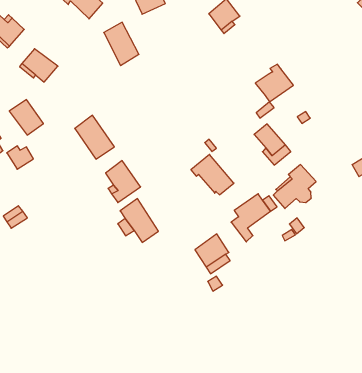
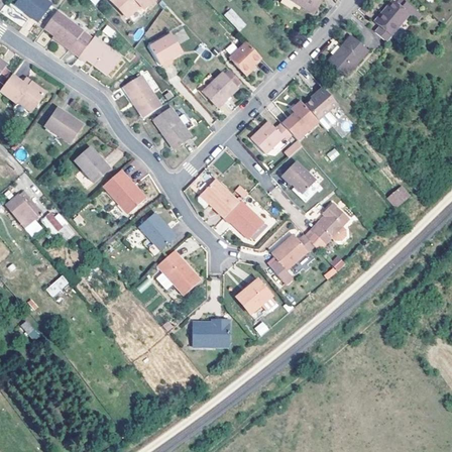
building: none -> [327,36,365,77]
building: none -> [202,70,240,107]
building: none -> [305,87,336,129]
building: none -> [154,109,191,148]
building: none -> [251,122,292,154]
building: [9,100,43,135] -> [74,147,109,183]
building: none -> [197,180,242,216]
building: none -> [193,318,229,345]

